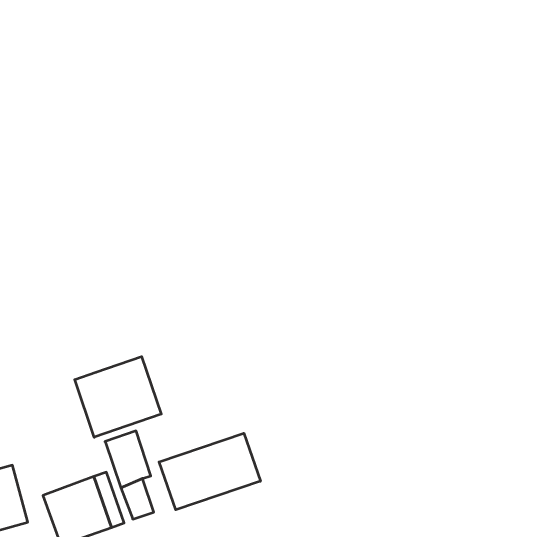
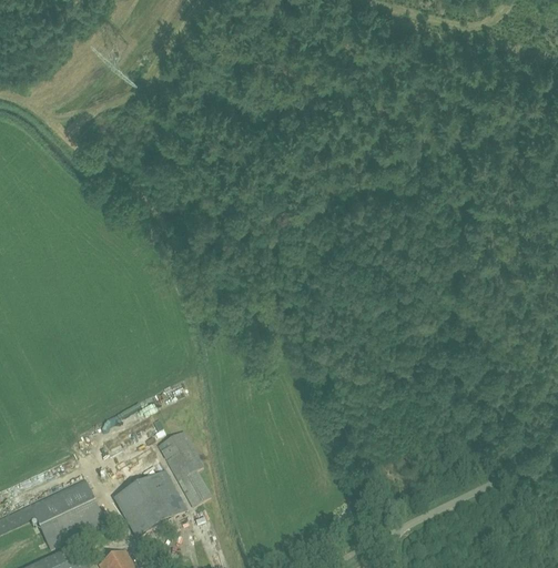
building: [75,357,161,437] -> none
building: [159,433,260,510] -> none

